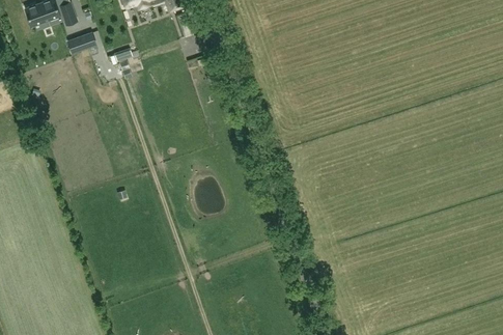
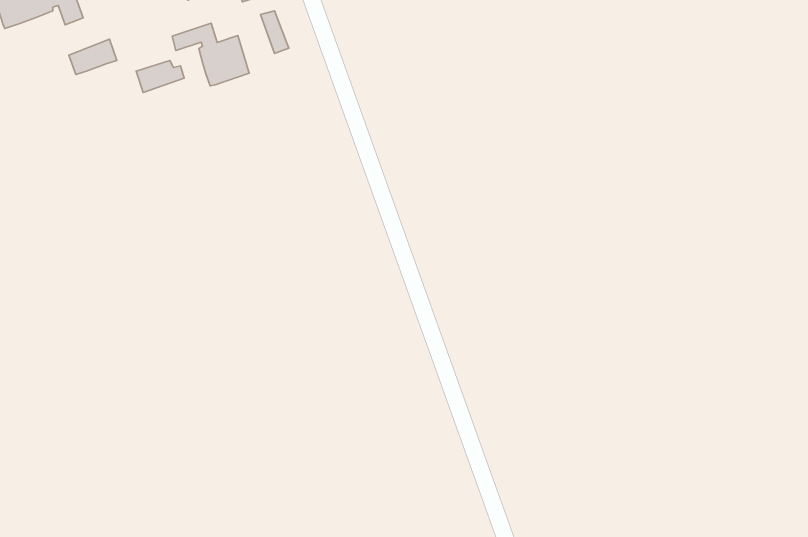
building: none -> [172,23,249,86]

